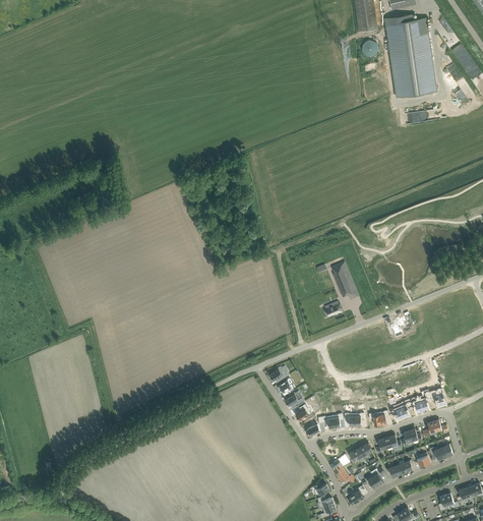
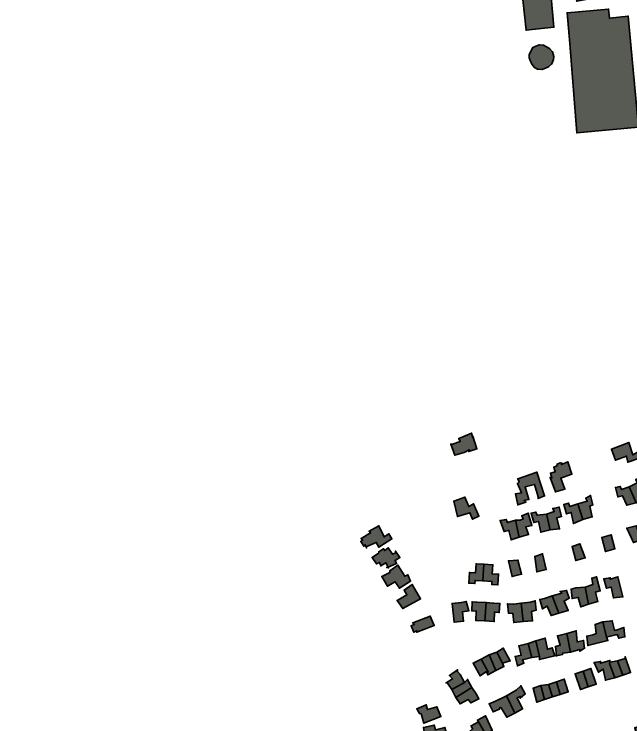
building: [331,262,356,297] -> none

